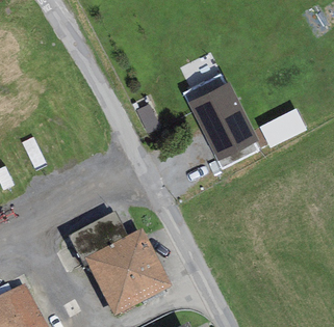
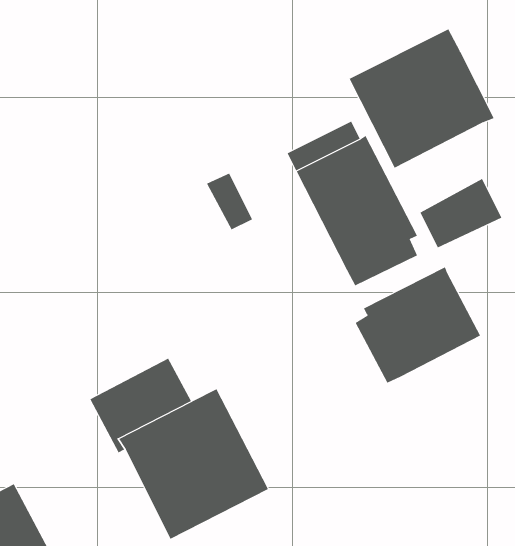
building: none -> [349,29,494,168]
building: none -> [355,267,481,384]

